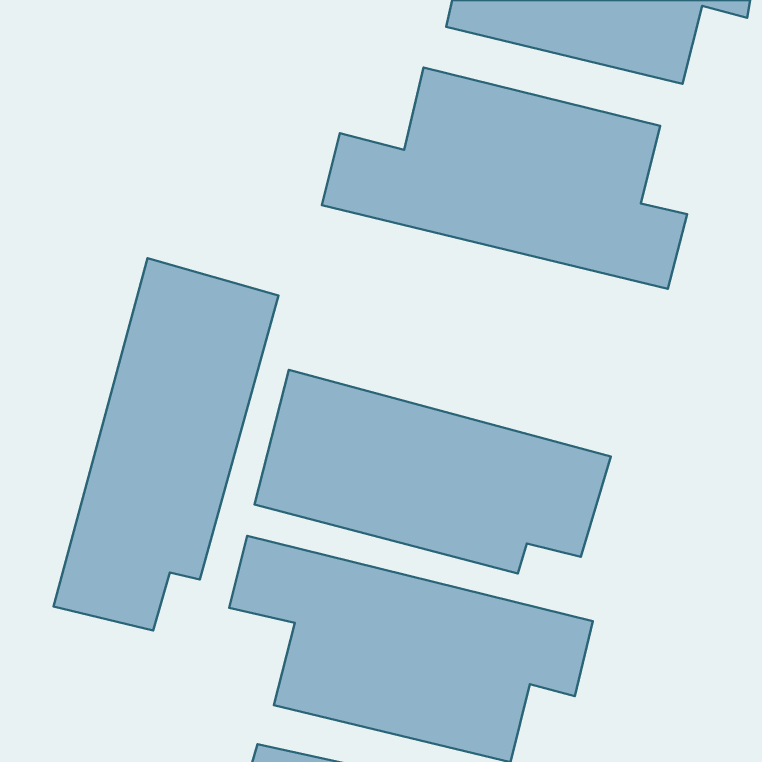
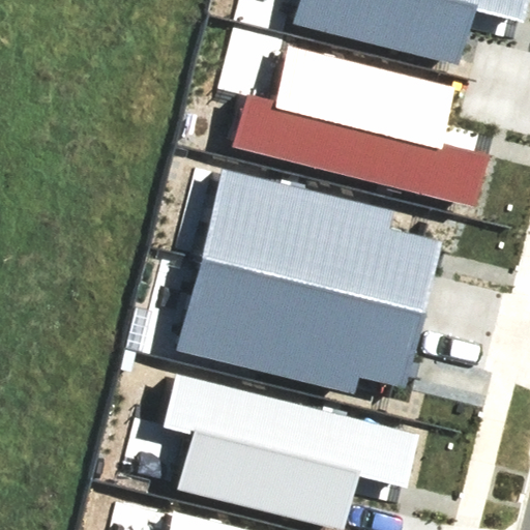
building: none -> [200,167,442,318]
building: [54,258,279,630] -> none

